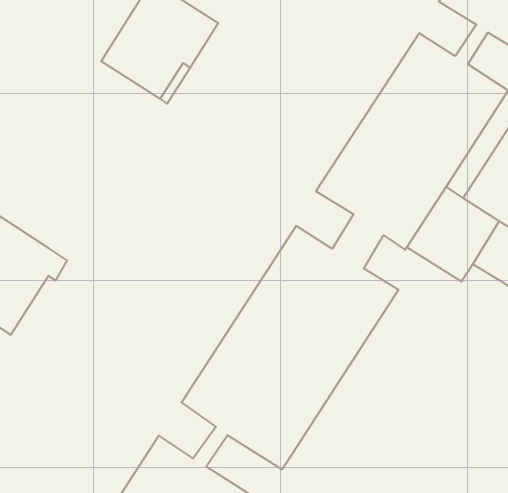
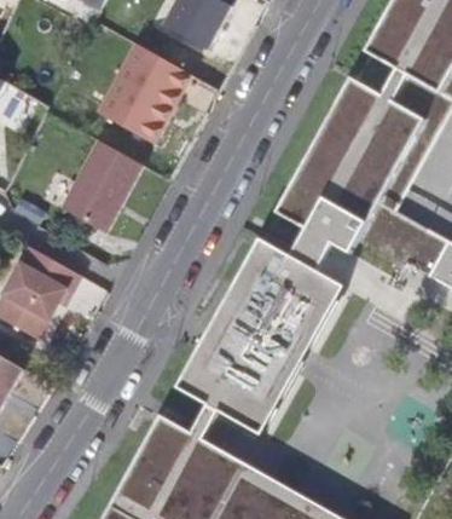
building: none -> [58,142,140,233]

